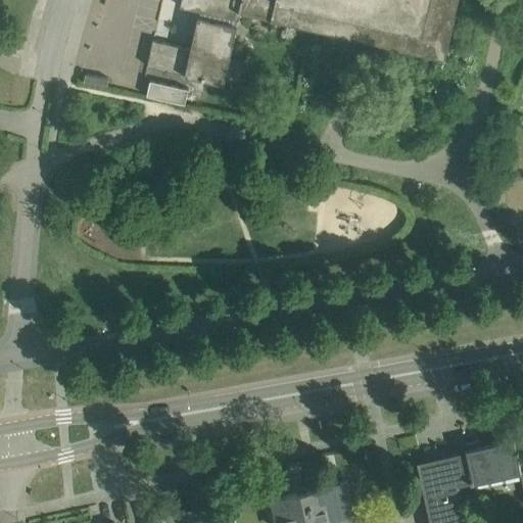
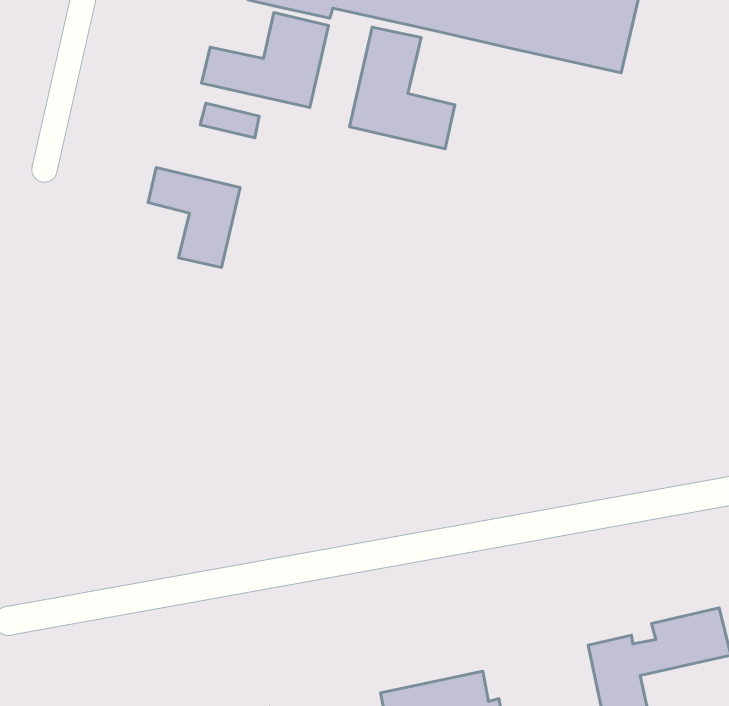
building: none -> [350,27,455,149]
building: none -> [148,167,240,267]

